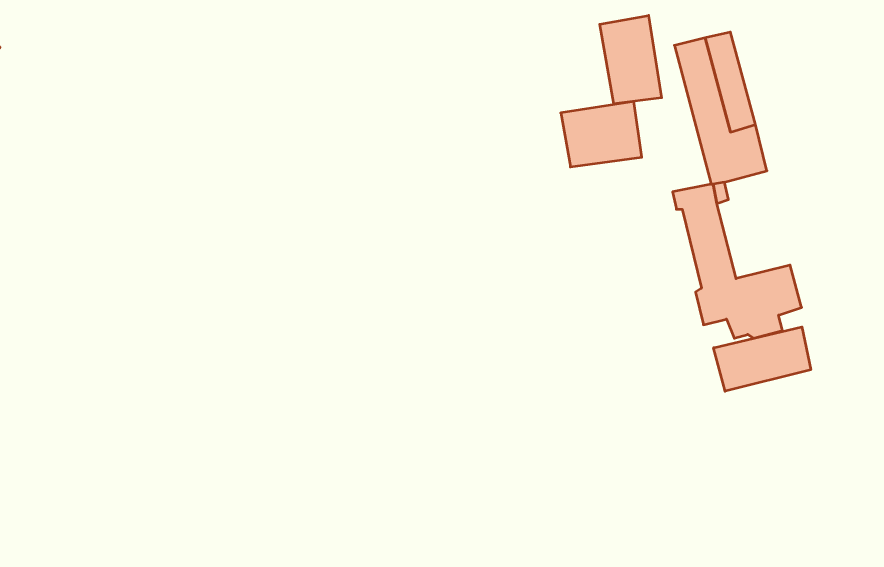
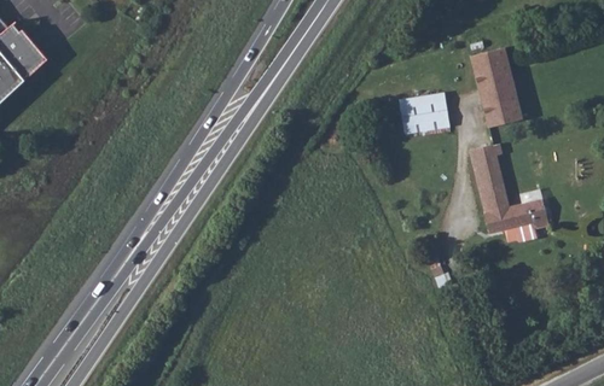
building: [600,15,662,104] -> none
building: [714,327,811,391] -> none

